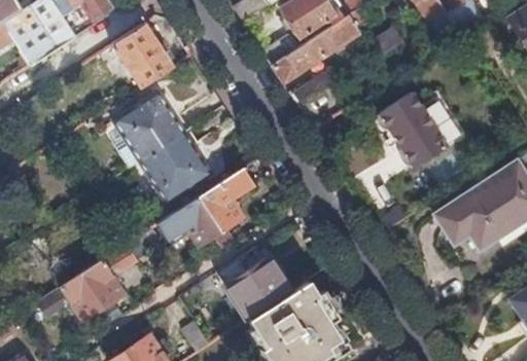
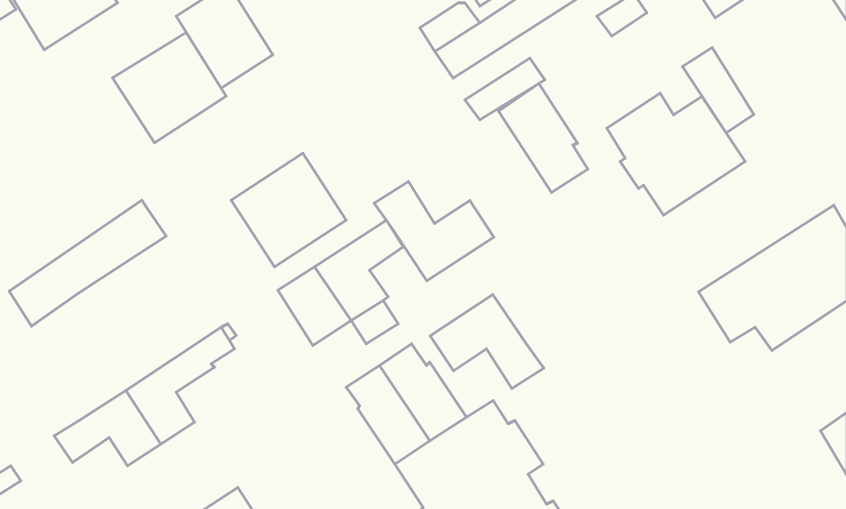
building: none -> [682,48,754,133]
building: none -> [498,84,588,192]
building: [120,88,190,156] -> [113,33,226,143]
building: none -> [374,182,494,281]
building: none -> [9,200,166,326]
building: none -> [430,294,544,388]

